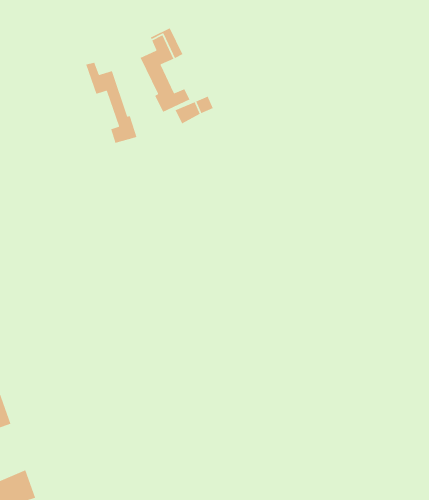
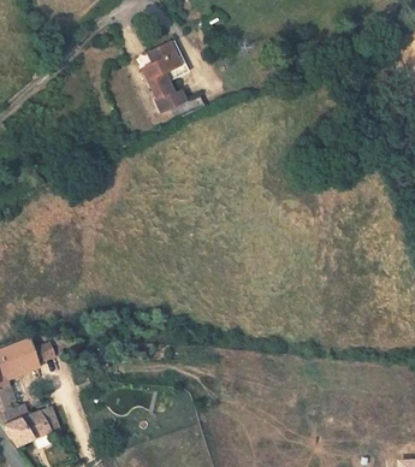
building: [85,62,138,144] -> none

